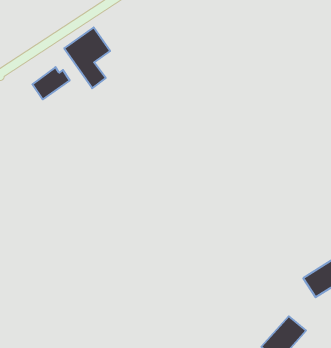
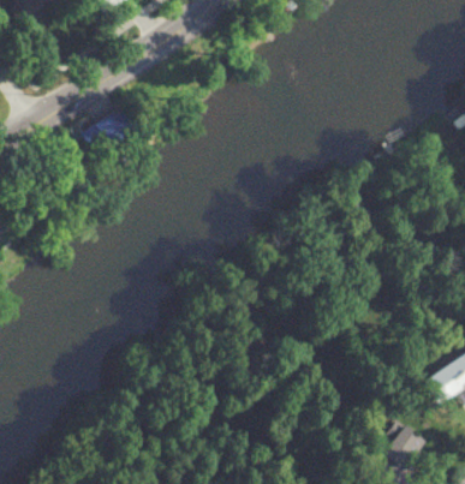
building: [64,27,110,88] -> none

